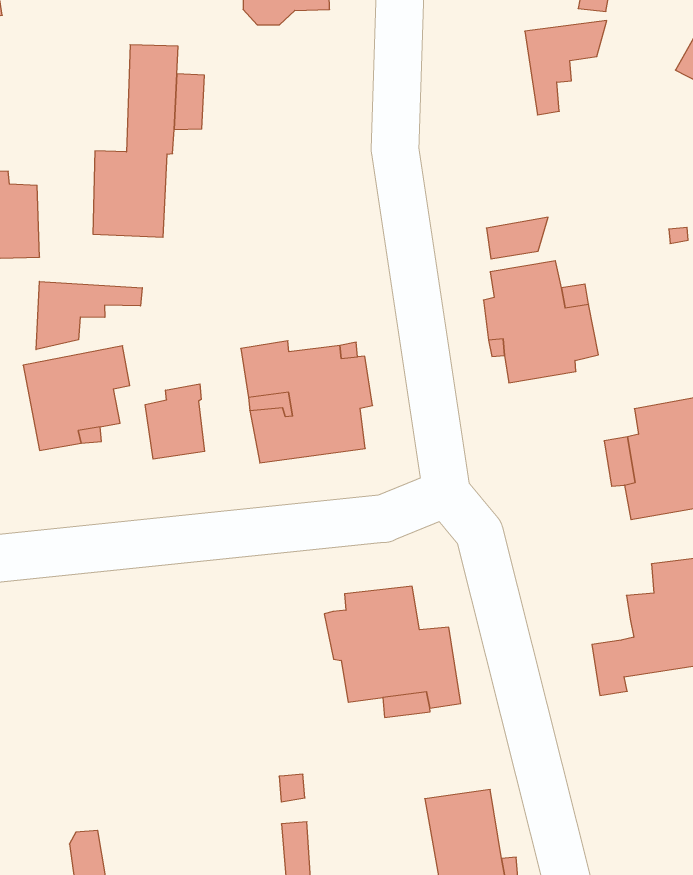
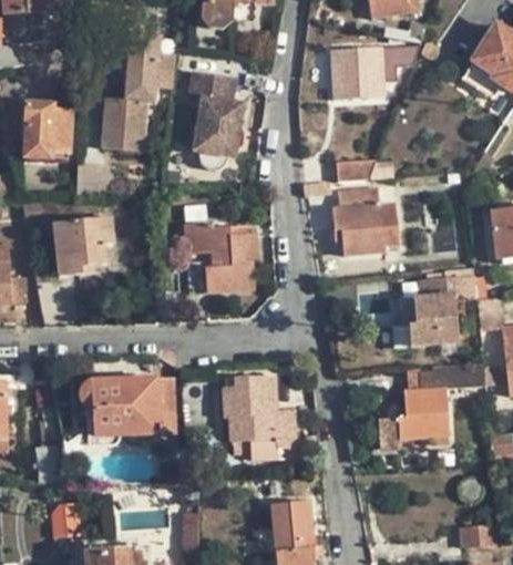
building: none -> [328,47,373,100]
building: none -> [186,72,243,170]
building: [36,281,142,350] -> none
building: [145,384,205,459] -> none
building: none -> [78,376,175,434]

